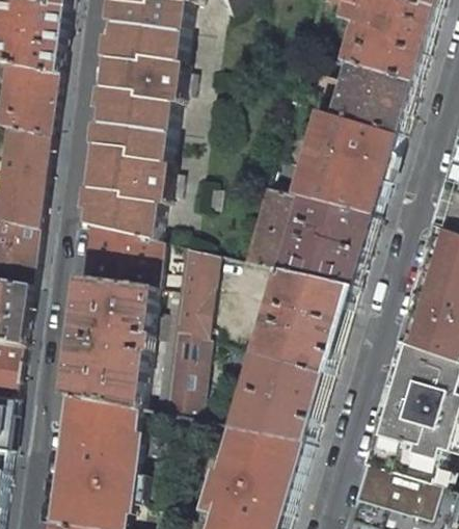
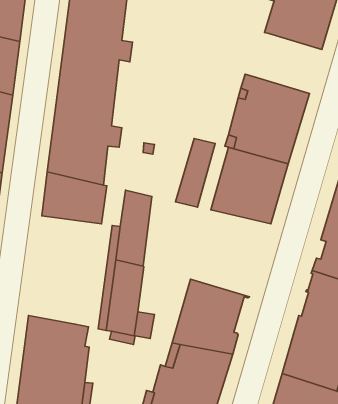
building: [309,62,411,133] -> none
building: [256,270,351,373] -> none
building: [65,277,152,408] -> none

